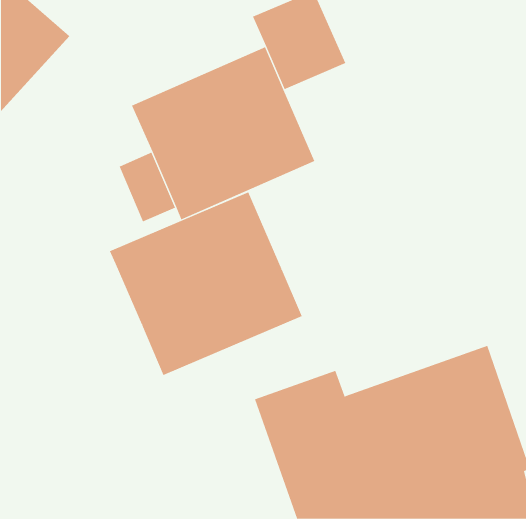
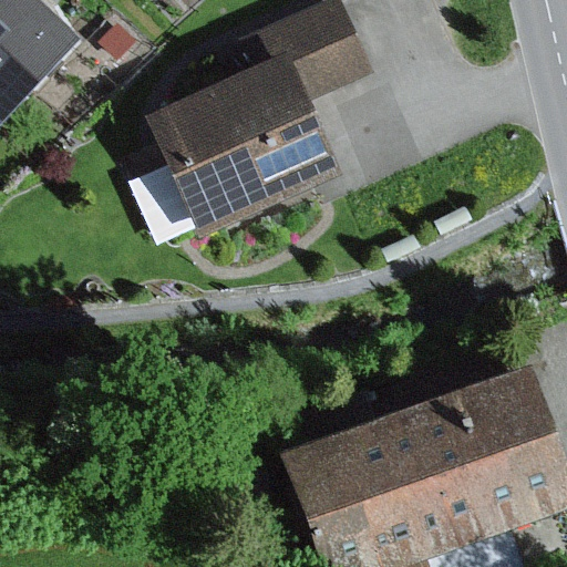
building: [109,191,303,376] -> none

